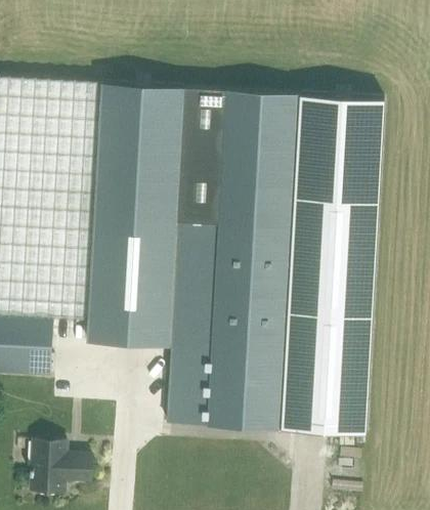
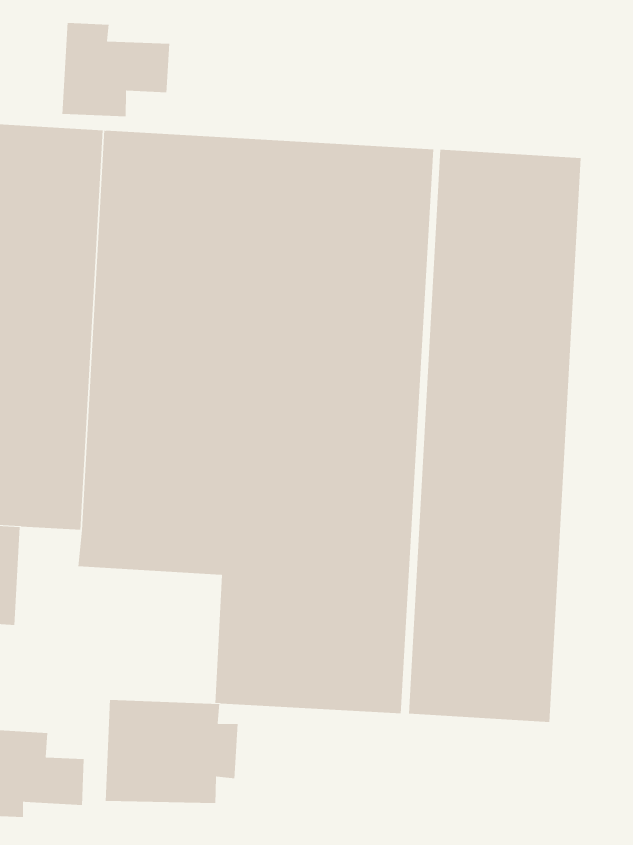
building: none -> [62,22,170,117]
building: none -> [105,699,238,804]

